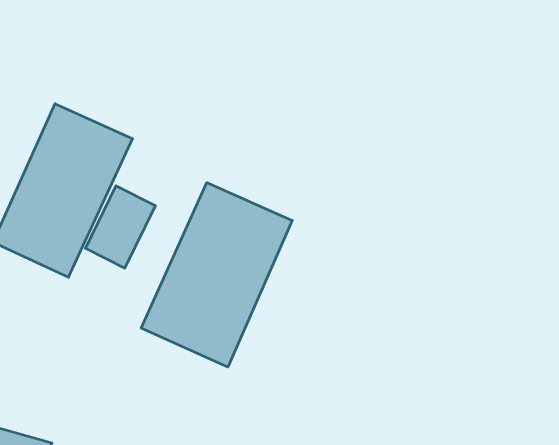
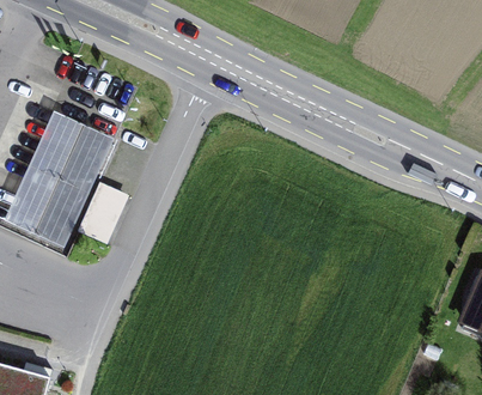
building: [141,183,292,367] -> none

